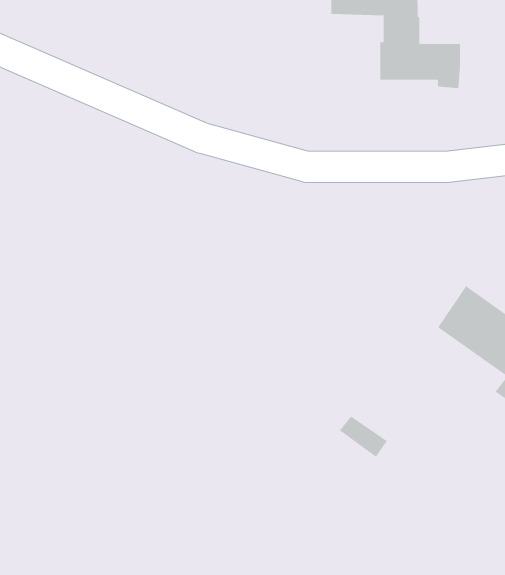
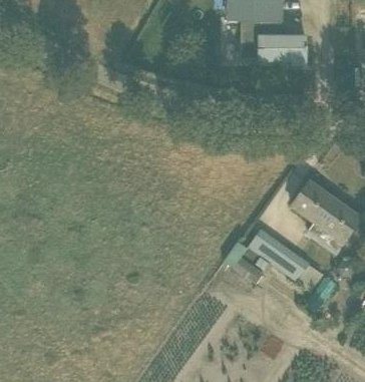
building: none -> [244,229,309,283]

